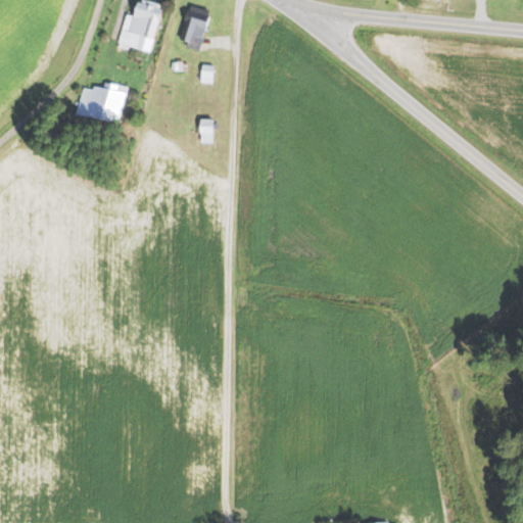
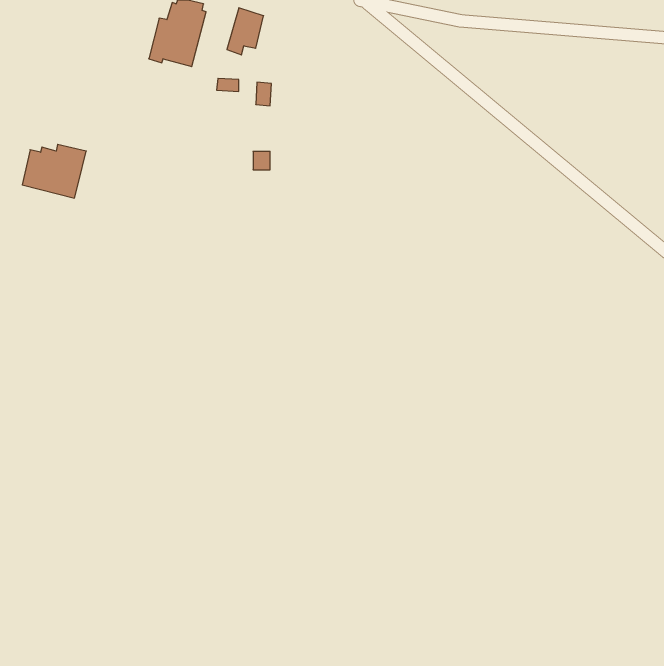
building: [78,83,128,125] -> [22,144,86,198]

